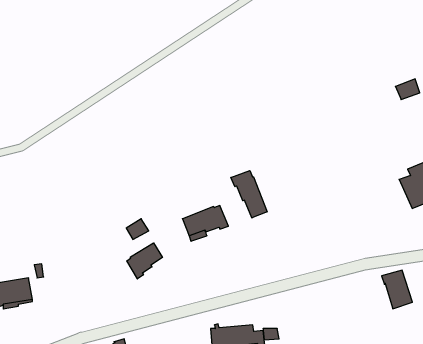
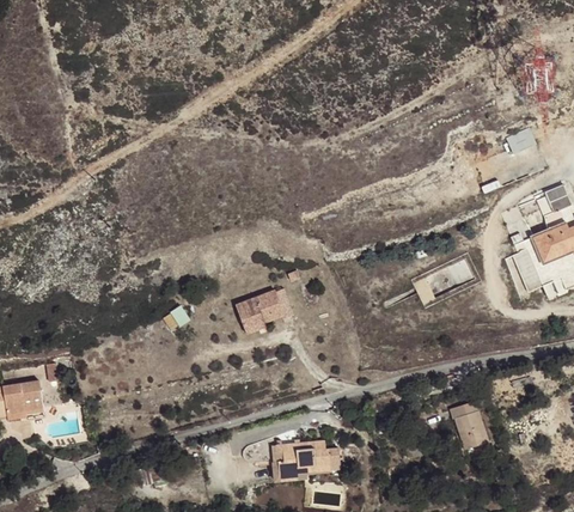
building: [231,171,267,218] -> none
building: [127,243,162,279] -> none
building: [382,270,412,309] -> [448,400,488,449]

